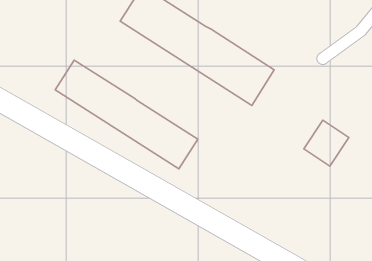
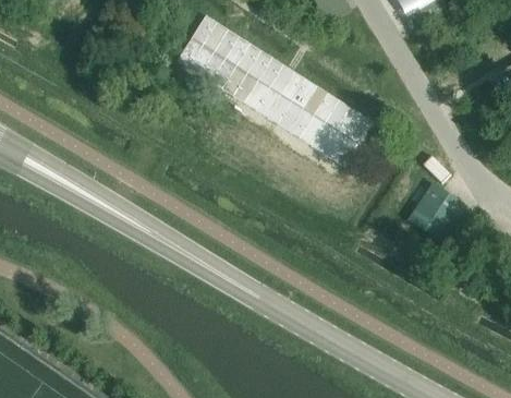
building: [55,60,198,169] -> none

